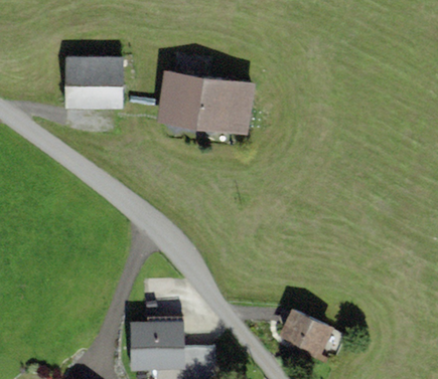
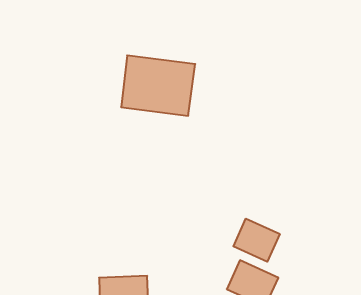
building: [63,55,126,107] -> none
building: none -> [233,219,280,262]

